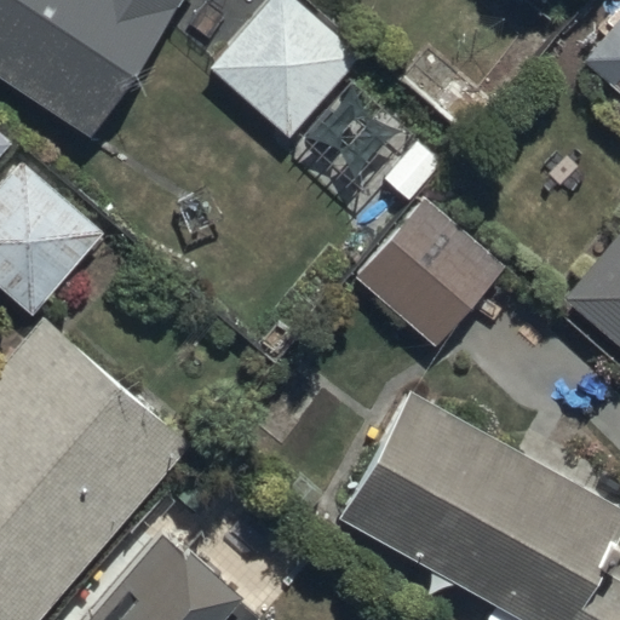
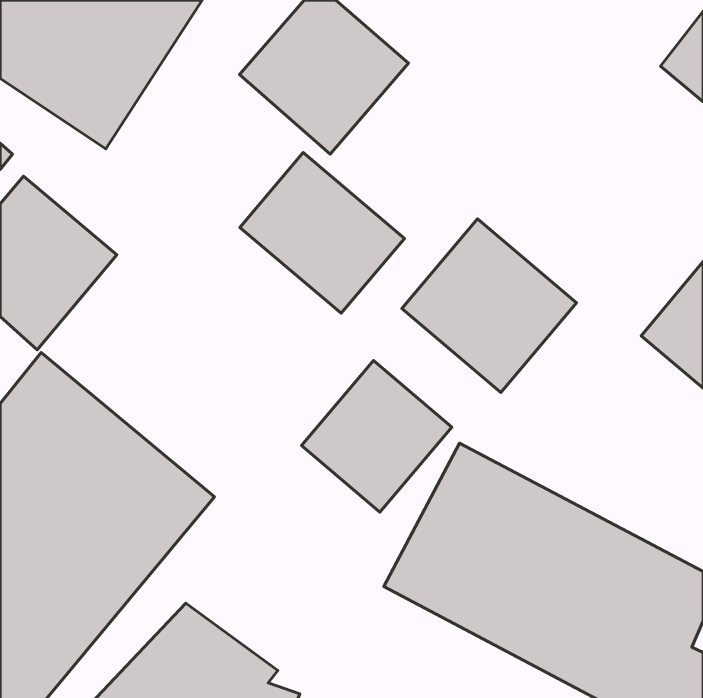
building: none -> [240,153,404,313]
building: none -> [302,361,452,512]

